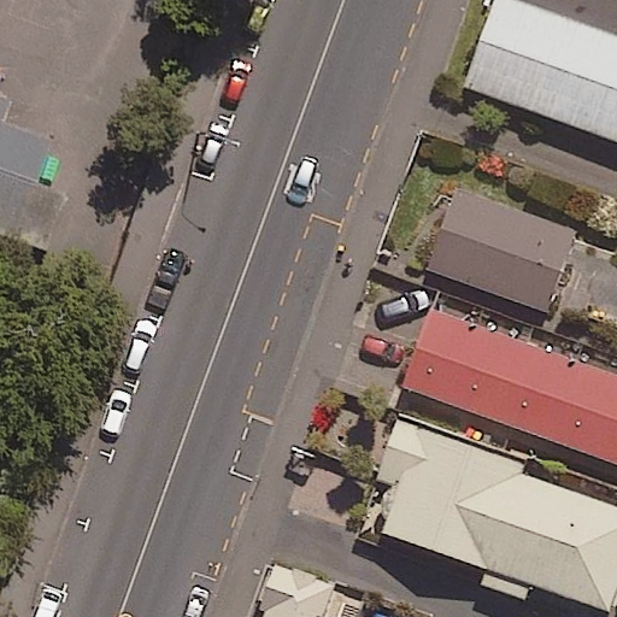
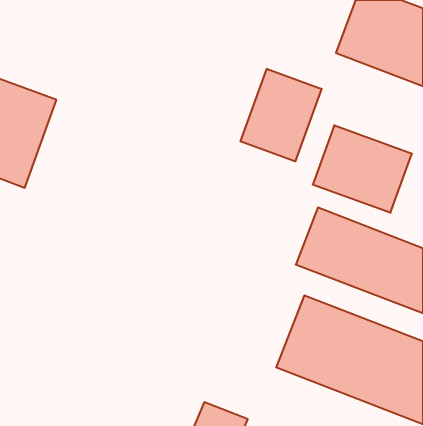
building: none -> [240,69,322,161]

